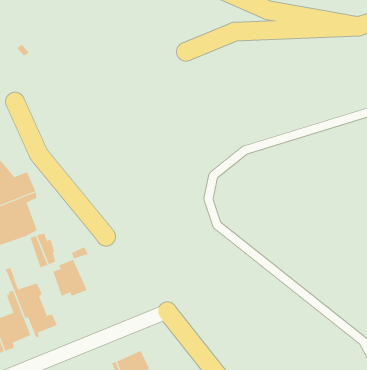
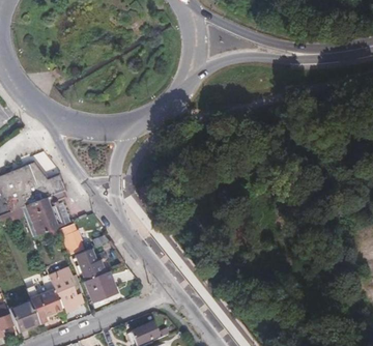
building: none -> [85,271,115,302]

